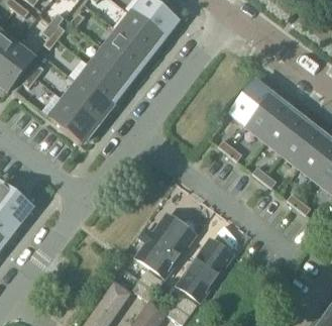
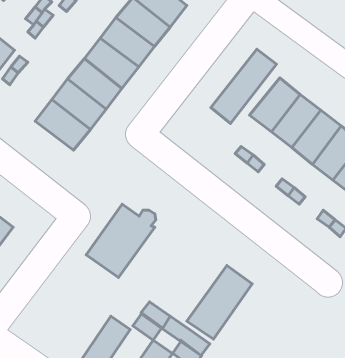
building: none -> [211,49,276,124]
building: [137,213,196,275] -> [86,204,156,278]

